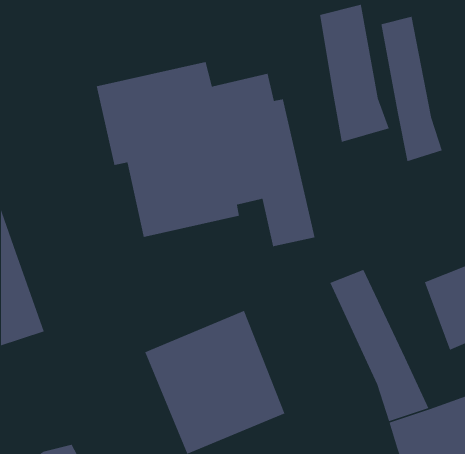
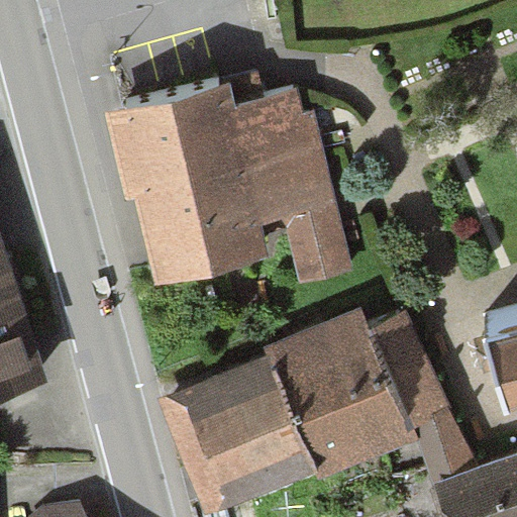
building: [319,4,390,143] -> none
building: [381,16,443,162] -> none
building: none -> [267,309,418,479]

